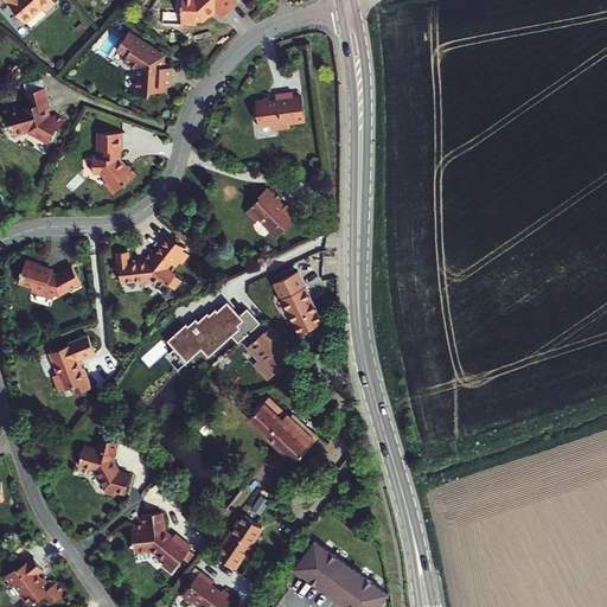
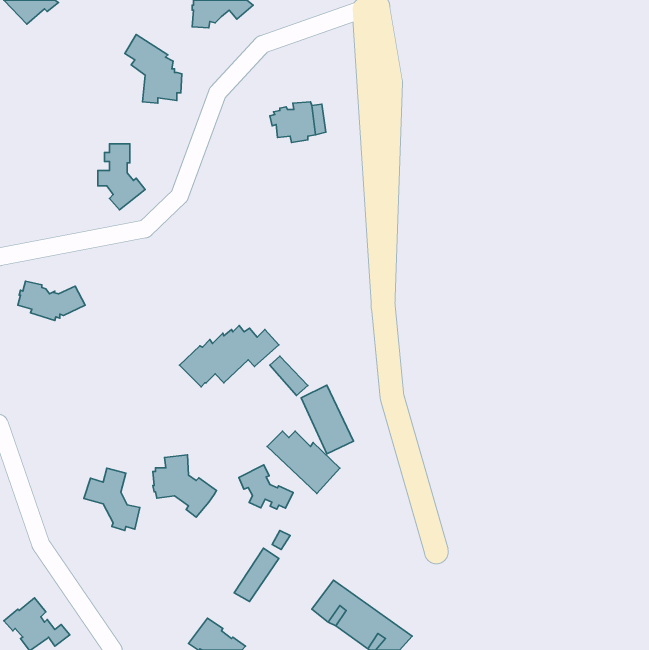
building: [6,89,63,146] -> none
building: [245,189,296,238] -> none
building: [111,235,187,292] -> none
building: [273,270,321,334] -> [301,385,354,454]
building: [49,336,92,392] -> none
building: none -> [239,465,293,509]
building: [132,511,191,569] -> [153,455,217,517]

